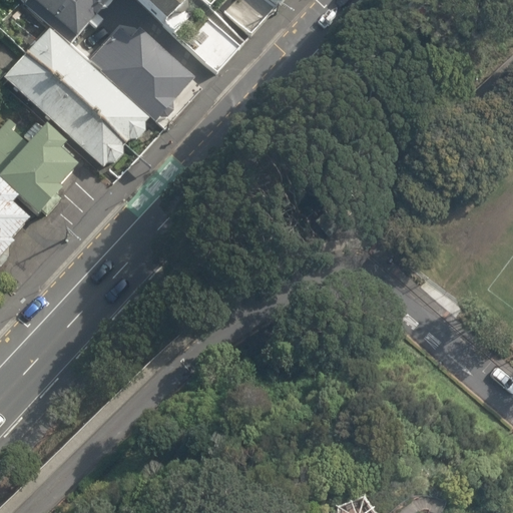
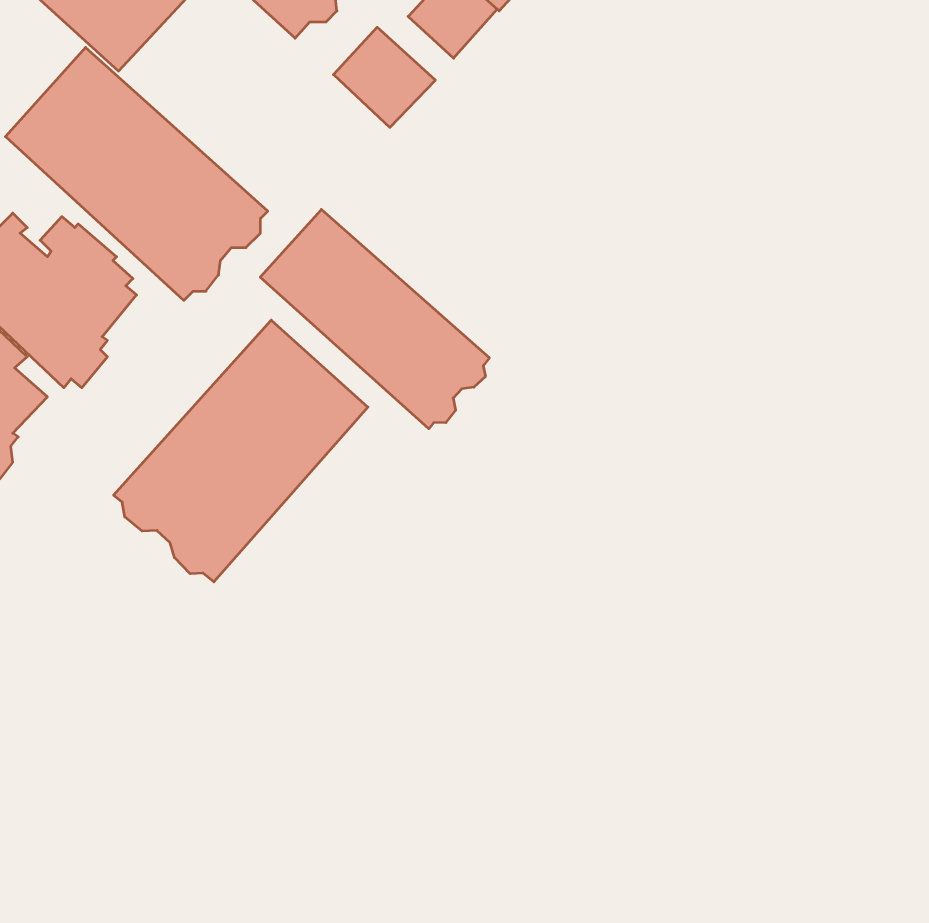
building: [89,25,193,120] -> none
building: none -> [260,209,489,429]
building: none -> [114,320,368,582]

